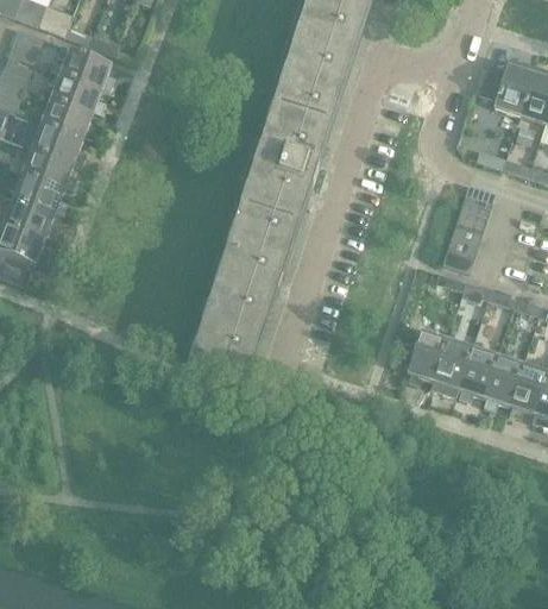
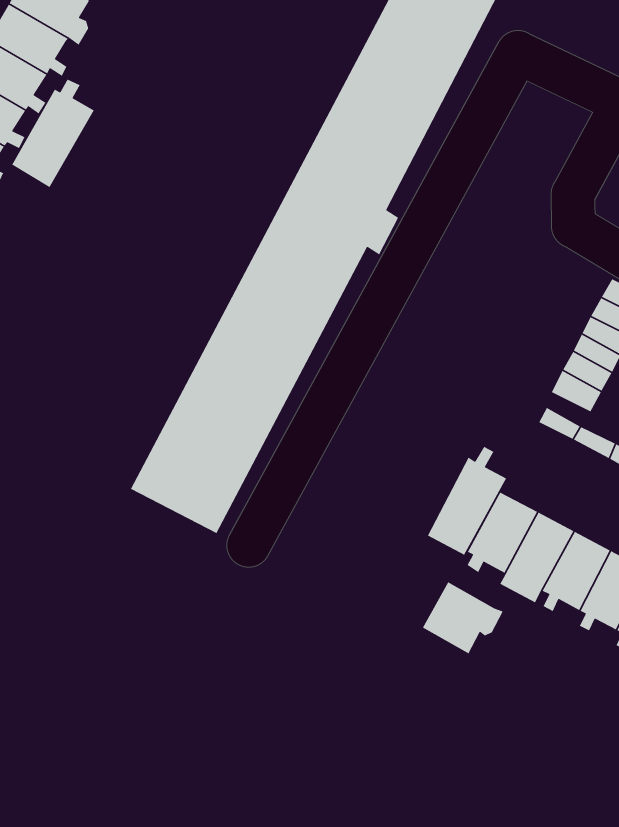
building: none -> [11,79,95,188]
building: none -> [427,446,507,556]
building: none -> [422,581,504,655]

